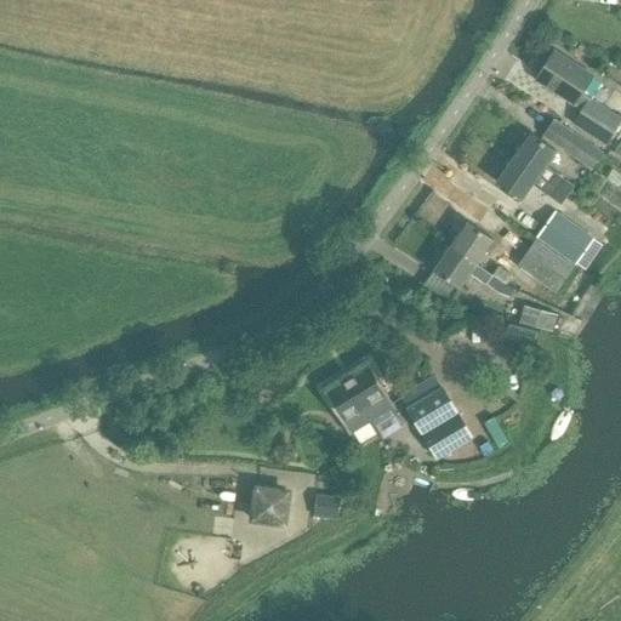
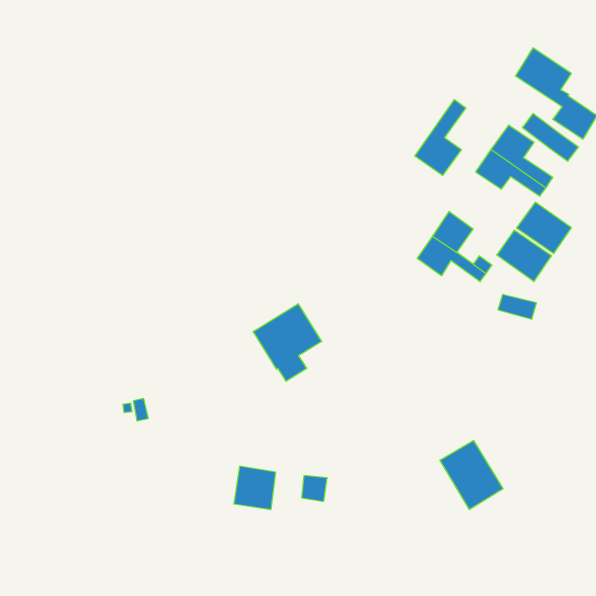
building: none -> [415,100,466,175]
building: [324,365,395,445] -> [253,304,322,381]
building: [406,387,472,458] -> [440,441,503,510]

